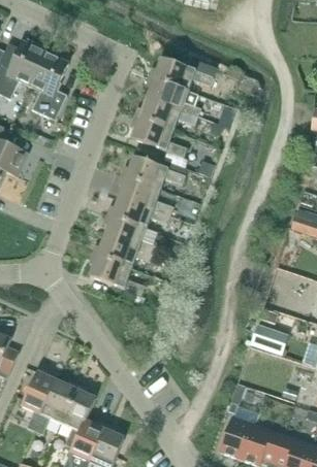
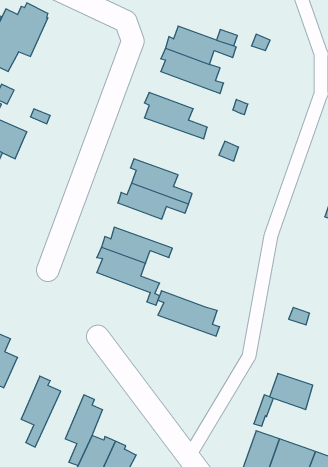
building: [30,51,68,119] -> none
building: [135,98,198,131] -> none
building: [122,157,188,190] -> none
building: [104,214,159,255] -> [158,291,220,336]
building: [250,324,288,356] -> [270,373,313,410]
building: [34,380,77,434] -> none

